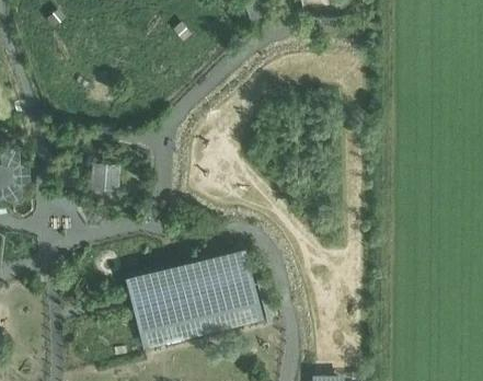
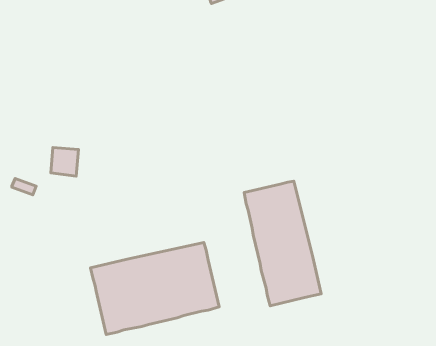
building: none -> [244,181,321,306]

